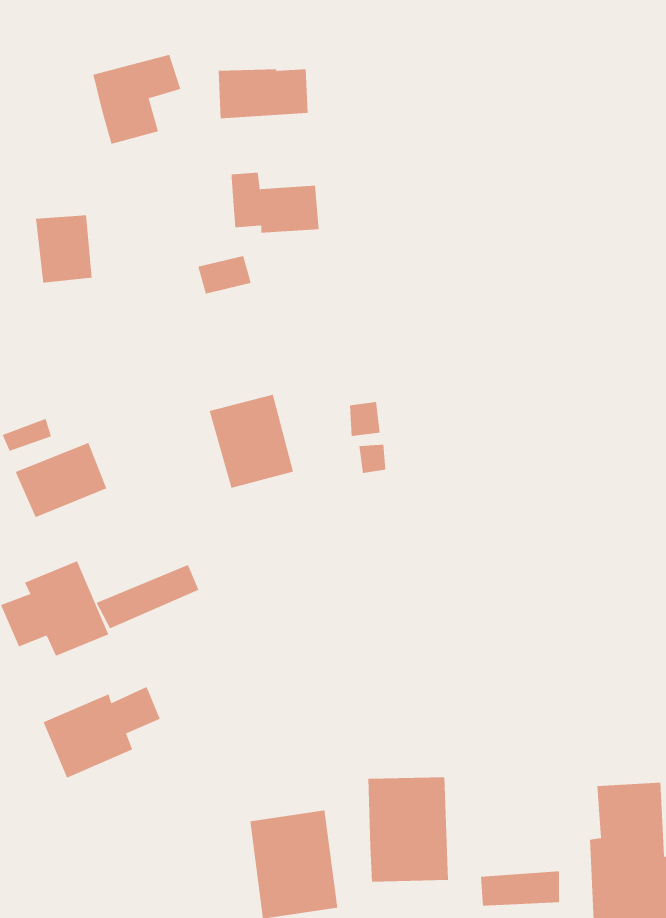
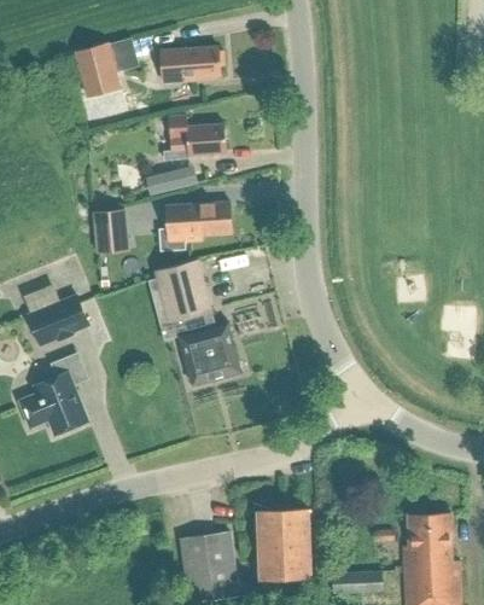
building: [35,215,92,283] -> [91,210,128,255]
building: none -> [165,202,232,243]
building: none -> [179,324,240,385]
building: [96,564,199,629] -> none
building: [43,686,160,778] -> none

